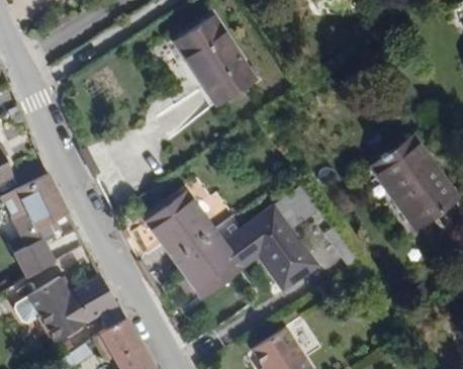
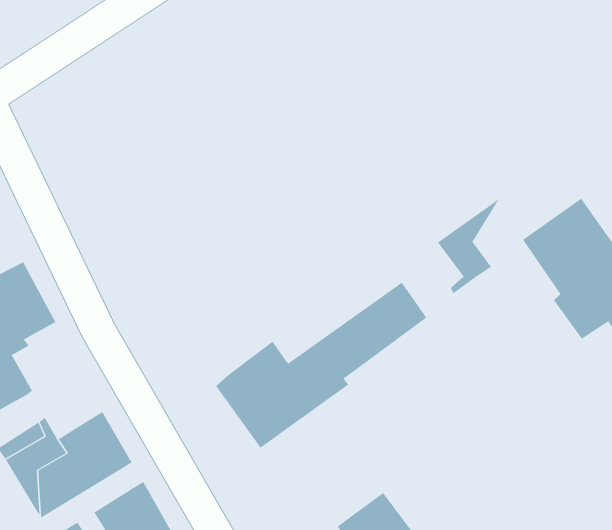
building: [176,18,254,105] -> none
building: none -> [437,197,501,294]
building: [147,195,209,257] -> none
building: [256,226,318,291] -> none

